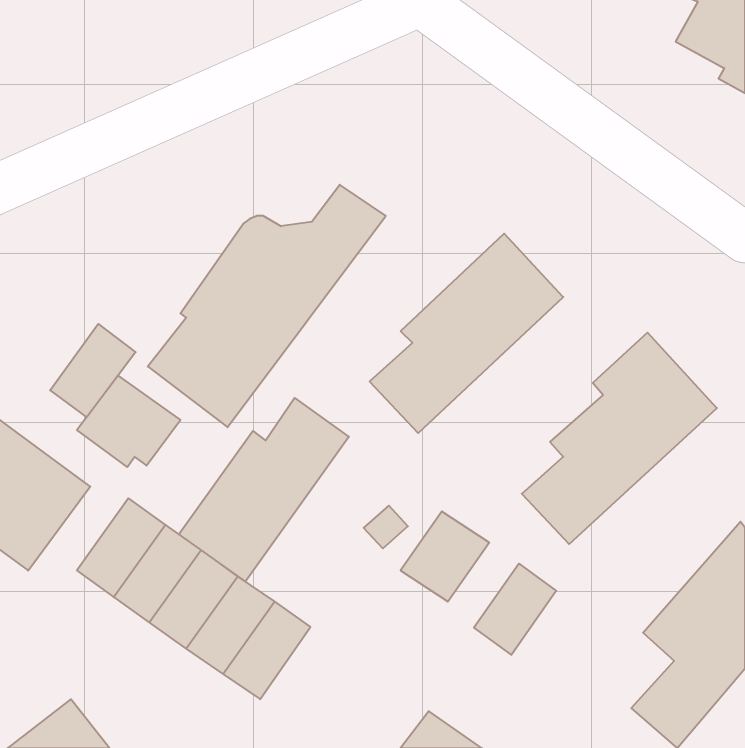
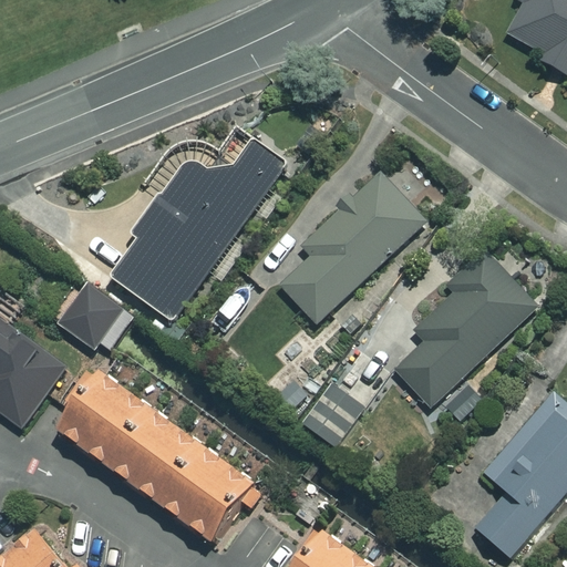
building: [50,324,136,417] -> none
building: [179,398,349,581] -> none
building: [474,564,556,655] -> none
building: none -> [195,470,260,544]

